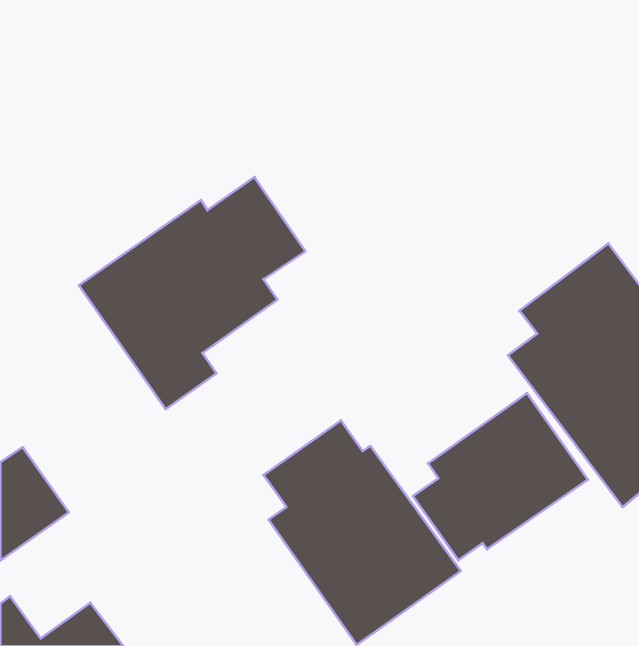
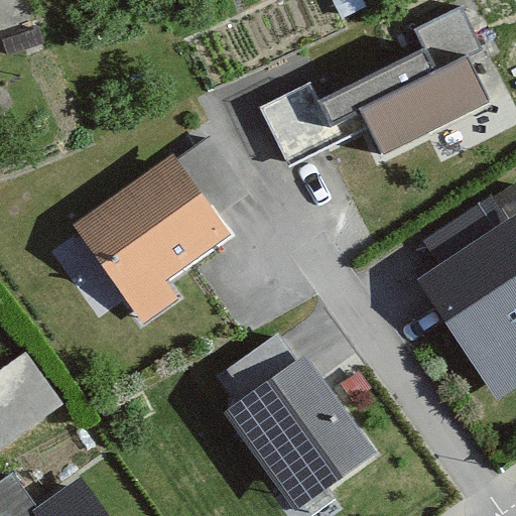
building: none -> [258,7,486,171]
building: [413,393,588,560] -> none

